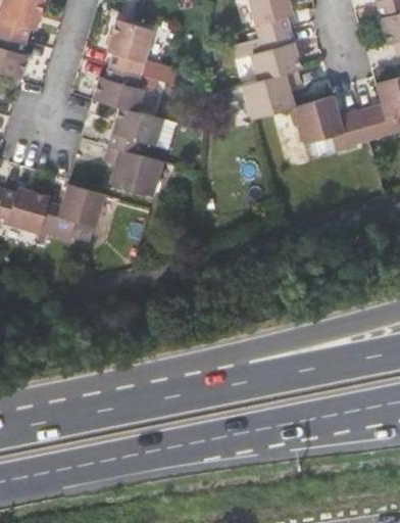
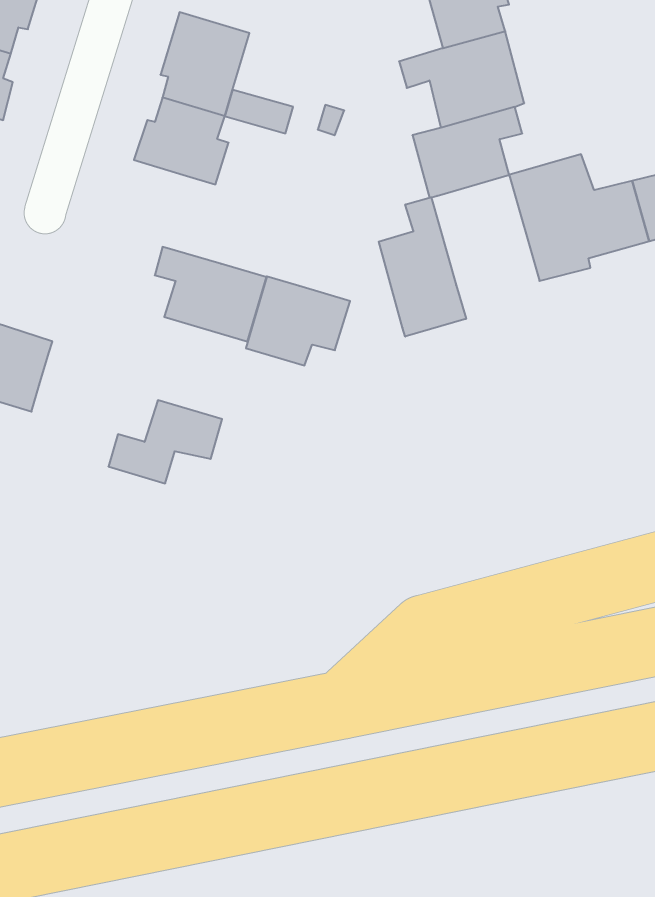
building: [107,106,163,154] -> [246,276,350,365]
building: none -> [379,197,466,337]
building: [41,184,102,229] -> [108,400,222,483]

